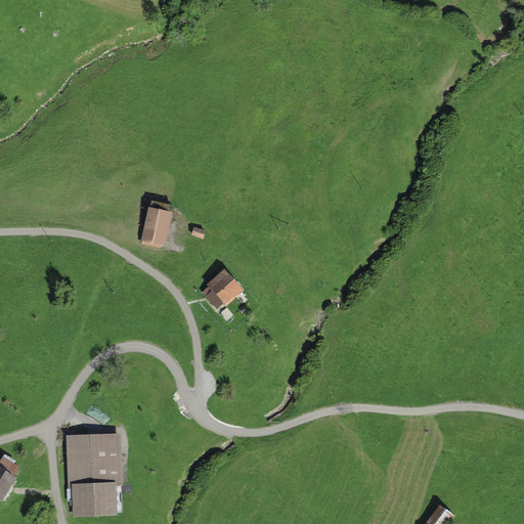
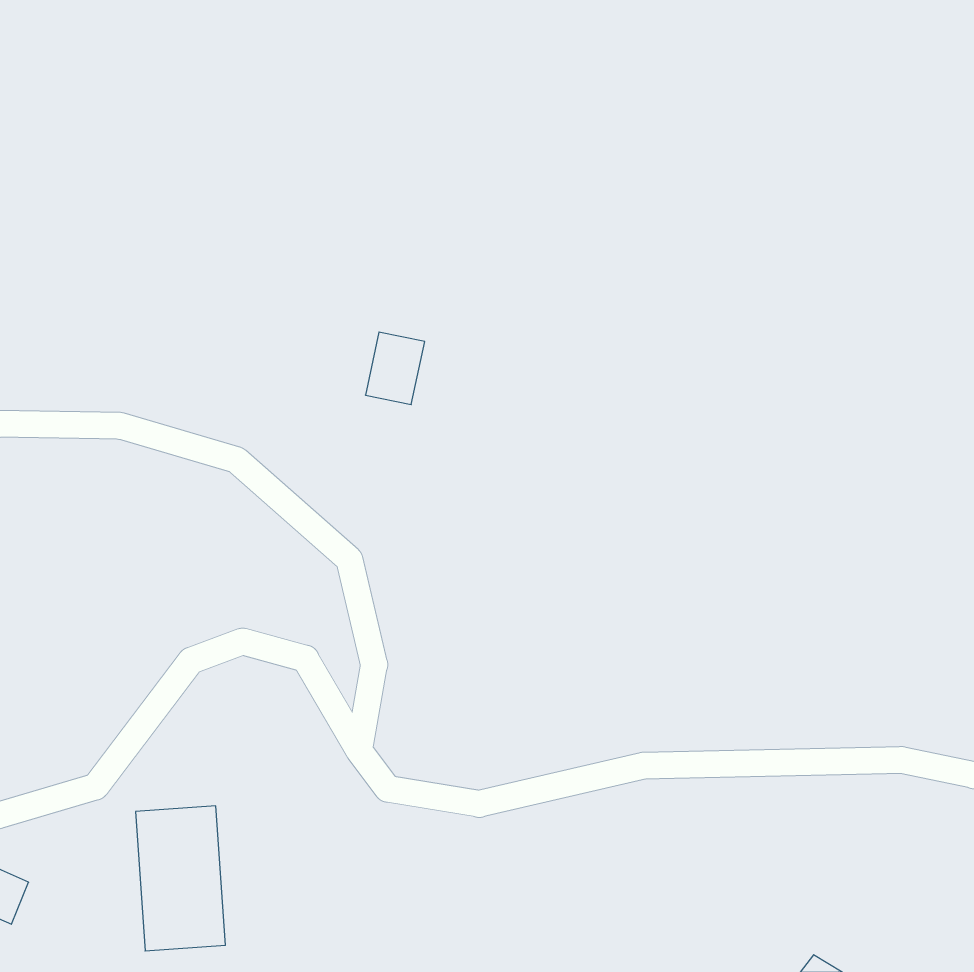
building: [139,207,171,246] -> [365,332,425,405]
building: [199,268,242,311] -> none

